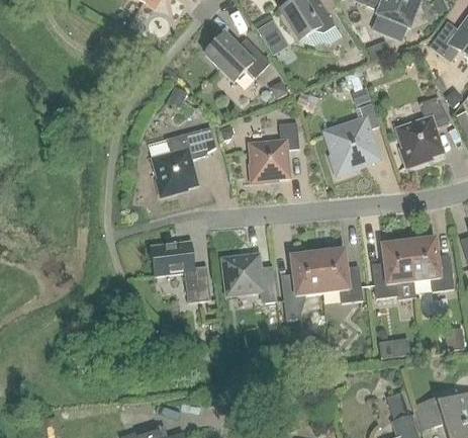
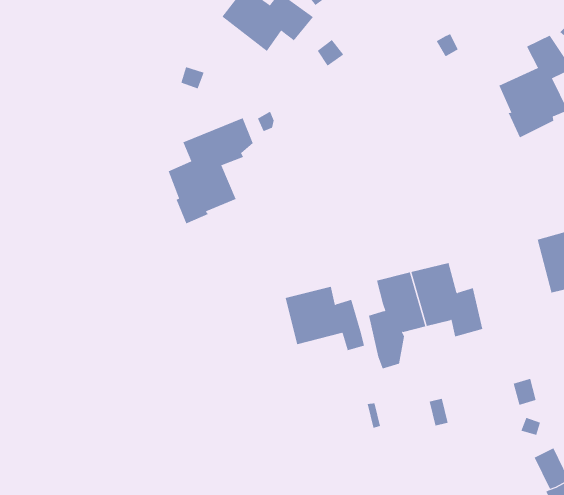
building: [325,102,378,175] -> none
building: [249,122,299,183] -> none
building: [151,241,210,302] -> none
building: [372,241,413,297] -> none

